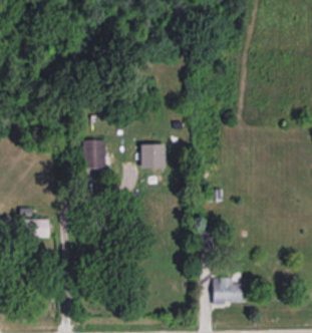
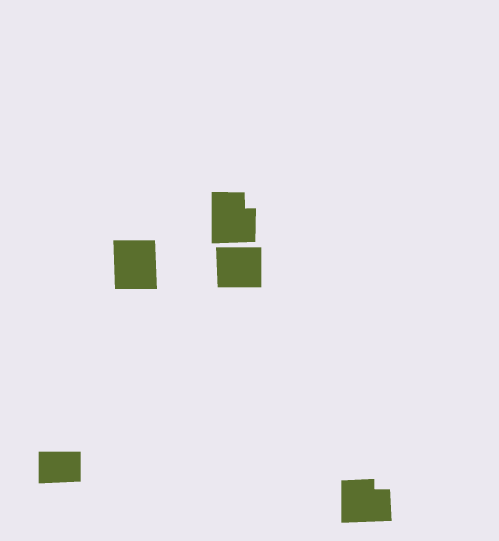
building: none -> [211,191,257,244]
building: [25,219,50,238] -> [38,451,81,484]

